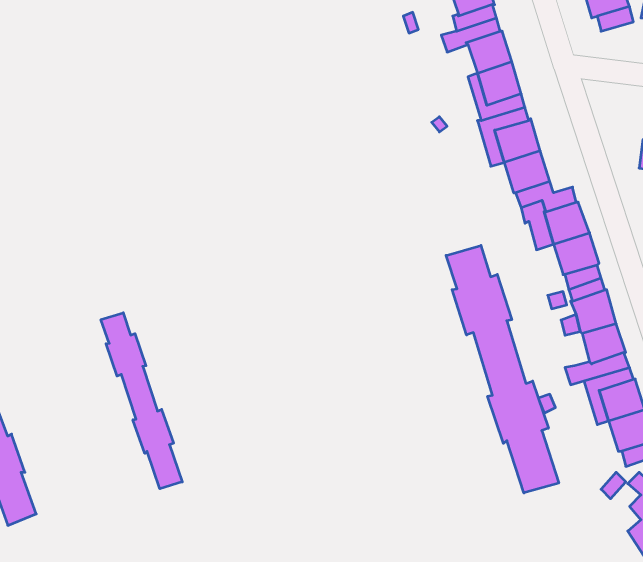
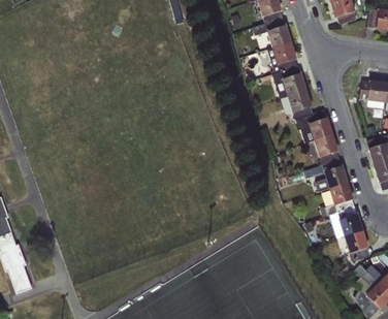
building: [446,245,559,493] -> none
building: [101,313,182,489] -> none

